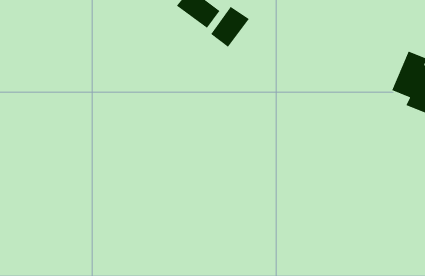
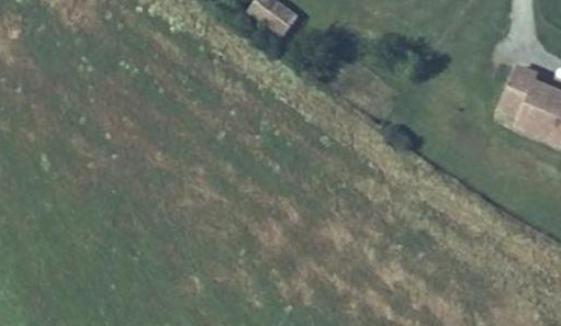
building: [210,6,250,48] -> none

